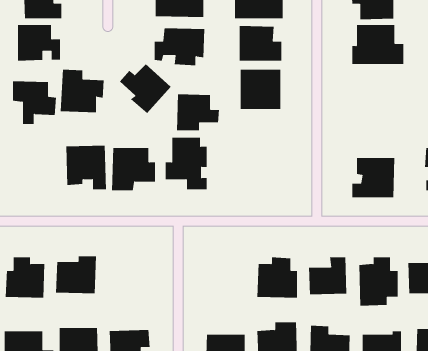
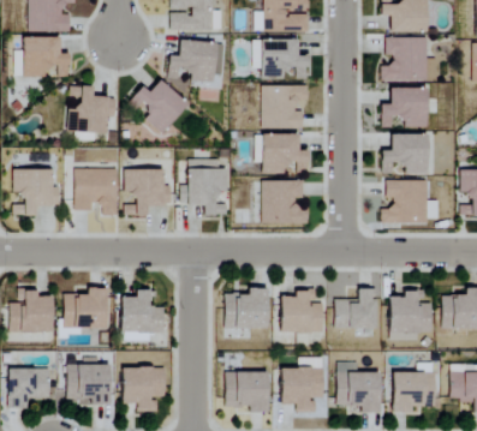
building: none -> [382,89,428,128]
building: [12,81,57,124] -> [13,170,61,217]
building: [176,94,220,131] -> [263,134,310,174]
building: none -> [382,134,429,174]
building: none -> [262,181,310,225]
building: none -> [225,287,268,328]
building: none -> [123,288,166,341]

